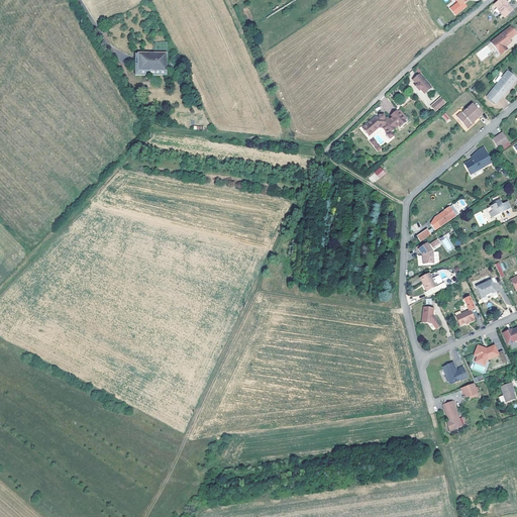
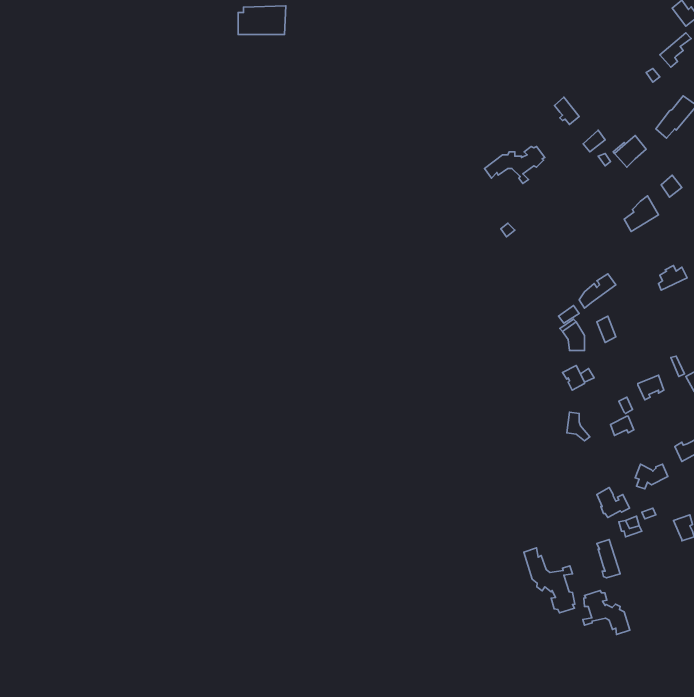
building: [130,53,166,74] -> [238,6,286,34]
building: none -> [524,548,575,613]
building: none -> [583,590,630,635]

